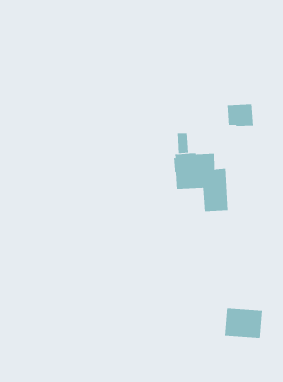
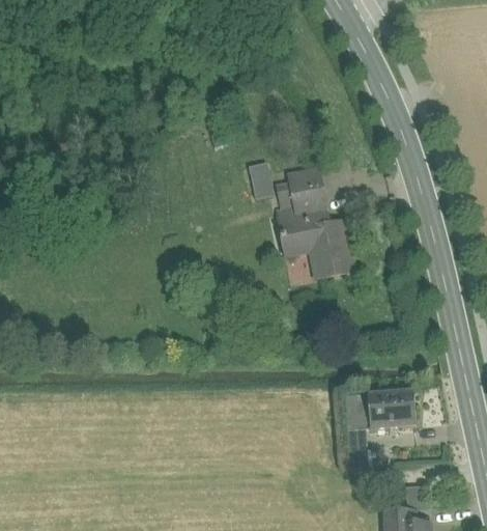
building: [227,104,254,126] -> [289,175,326,206]
building: none -> [249,162,271,198]

